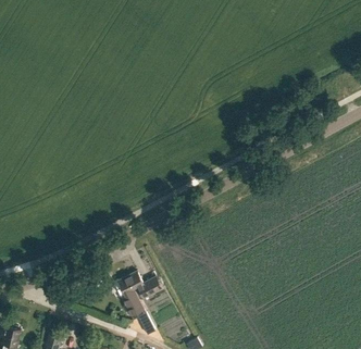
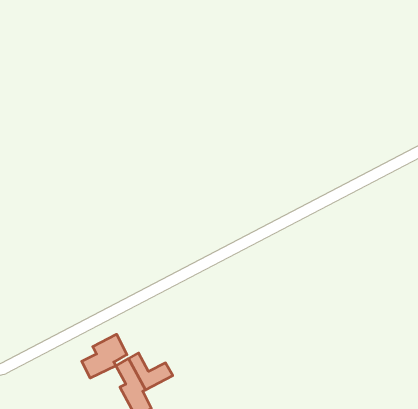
building: none -> [82,334,127,378]

